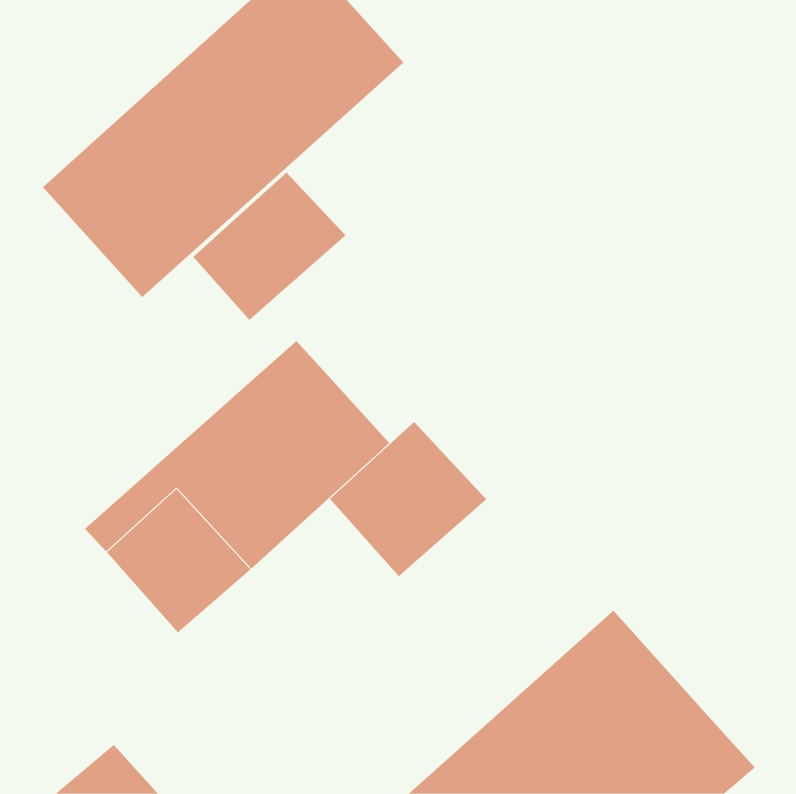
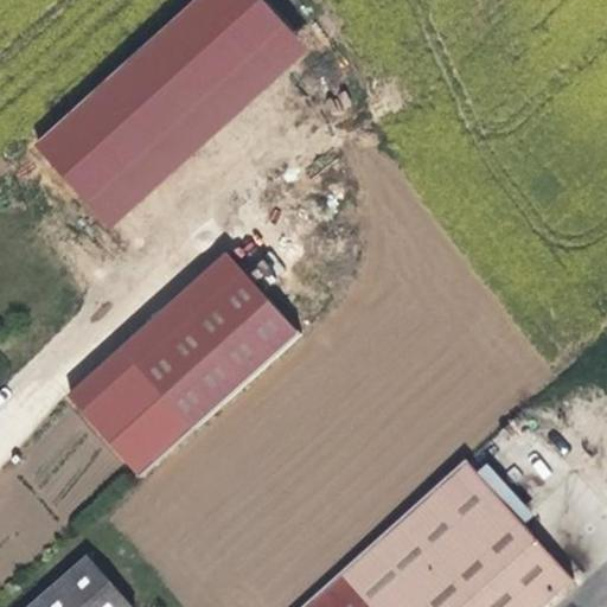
building: [193,172,346,321] -> none
building: [329,421,487,577] -> none

